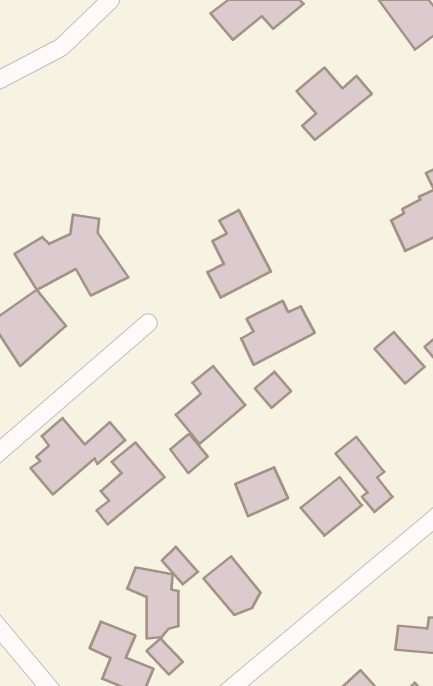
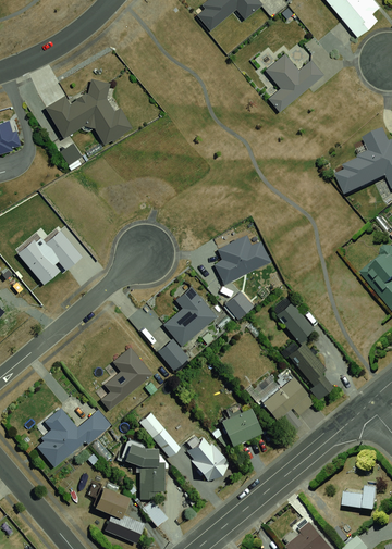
building: [207,210,271,298] -> none
building: [15,215,128,295] -> [44,77,133,140]
building: [375,332,425,383] -> [278,302,317,342]
building: [31,418,125,494] -> [37,408,111,467]
building: [235,467,288,516] -> [223,409,265,447]

